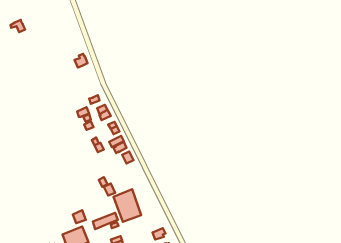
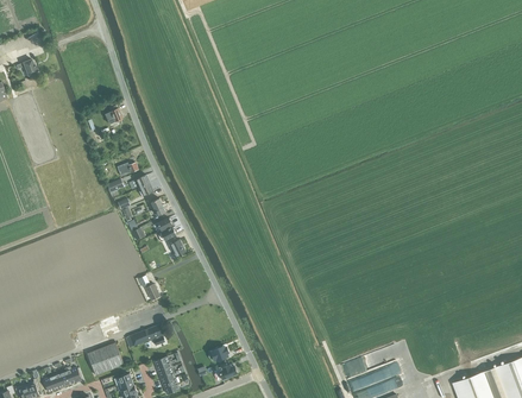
building: [113,189,141,222] -> none

